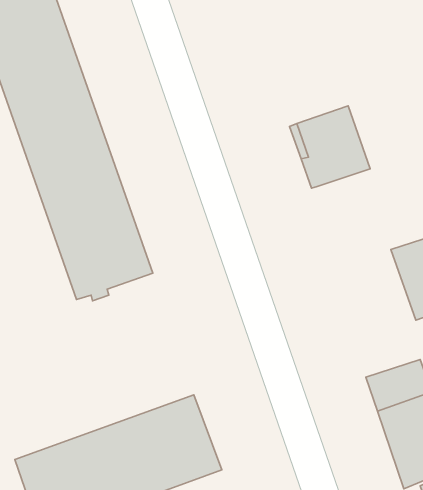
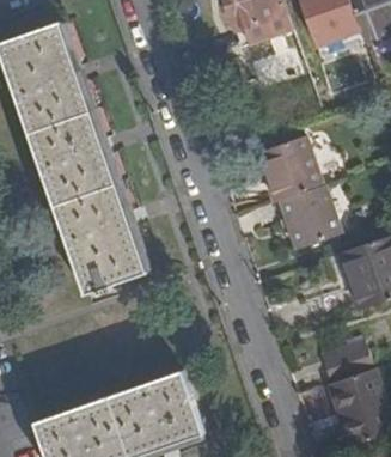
building: none -> [279,185,340,249]

